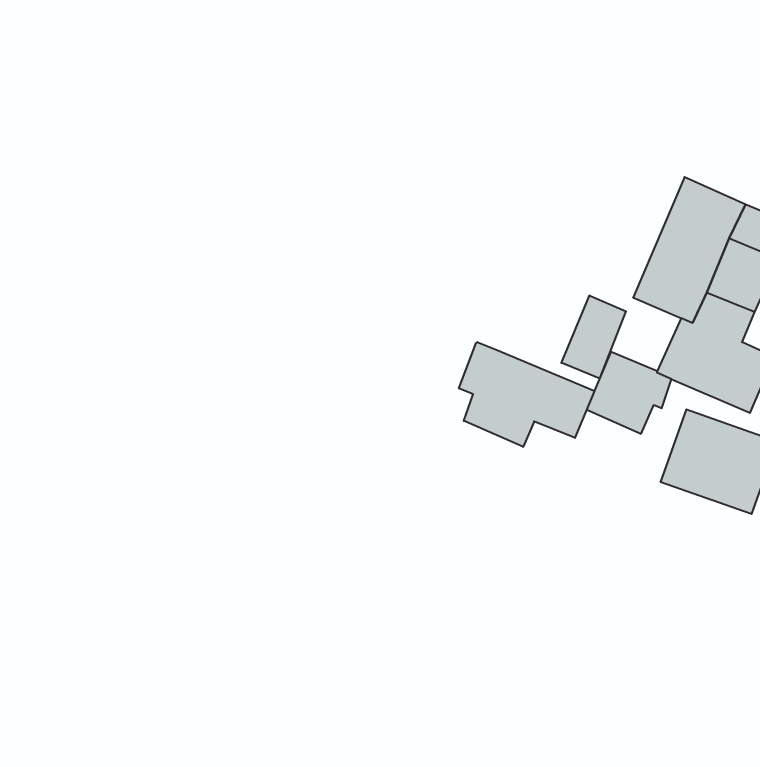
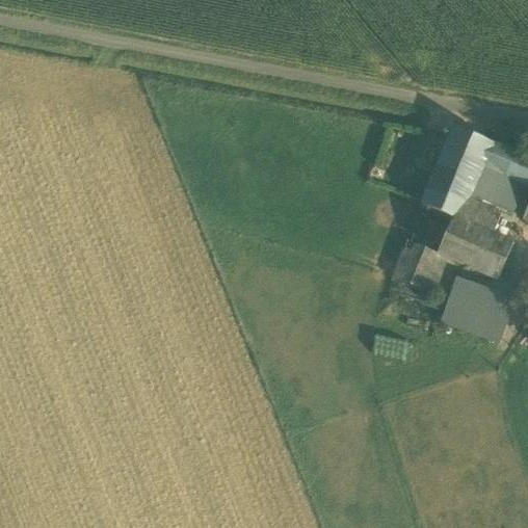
building: [561,295,626,378] -> none
building: [459,342,594,447] -> none

